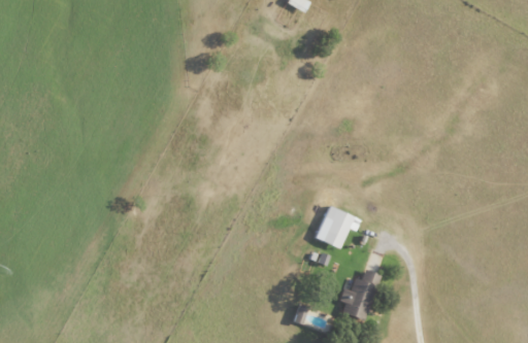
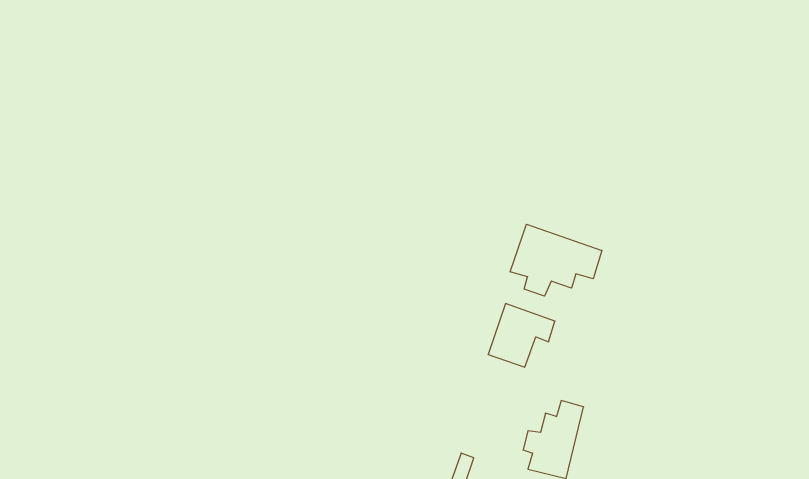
building: none -> [510,224,602,296]

